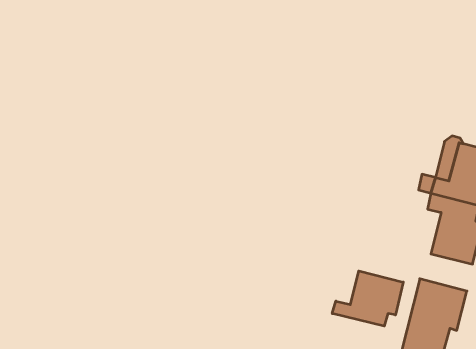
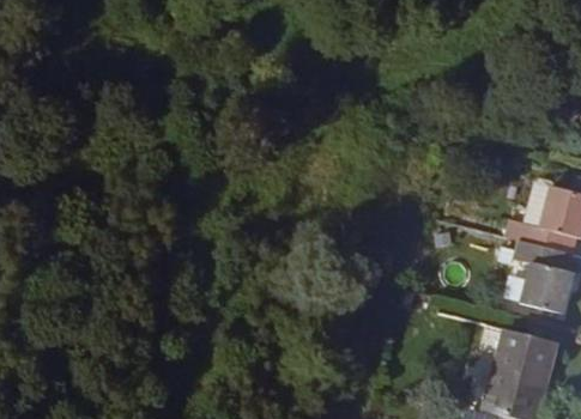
building: [332,271,403,326] -> none

